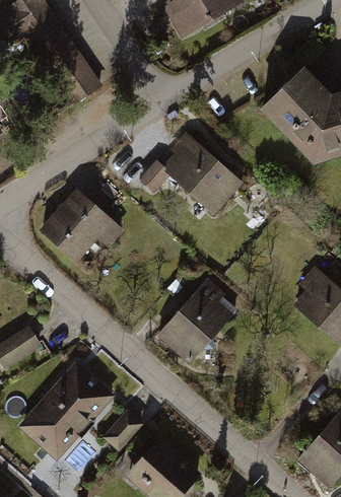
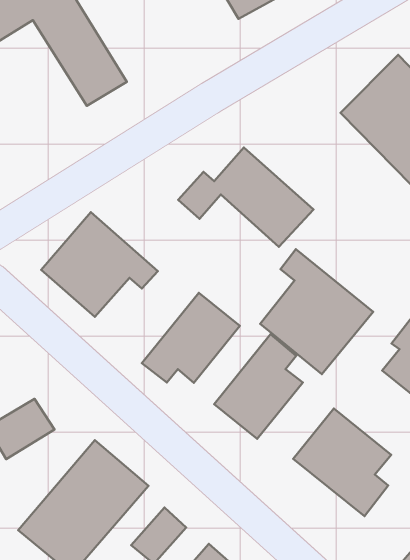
building: none -> [260,249,373,374]
building: none -> [142,293,240,383]
building: none -> [293,408,391,516]

